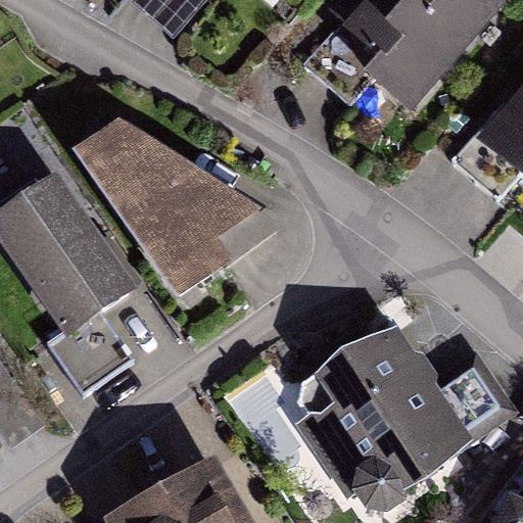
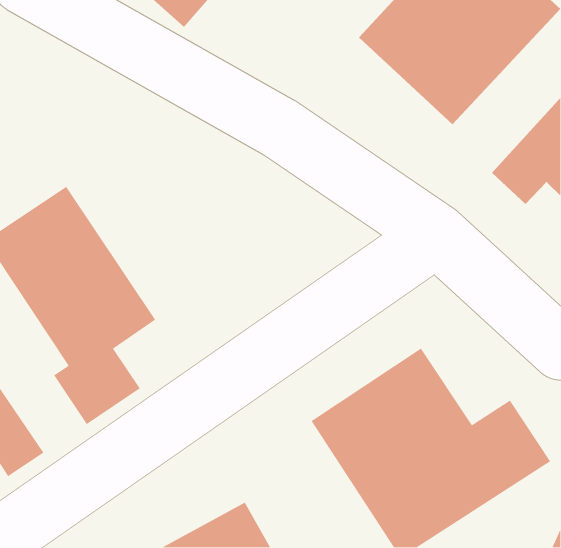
building: [73,121,260,299] -> none

